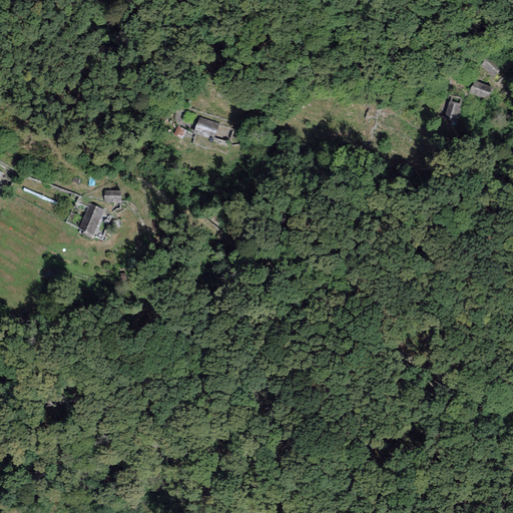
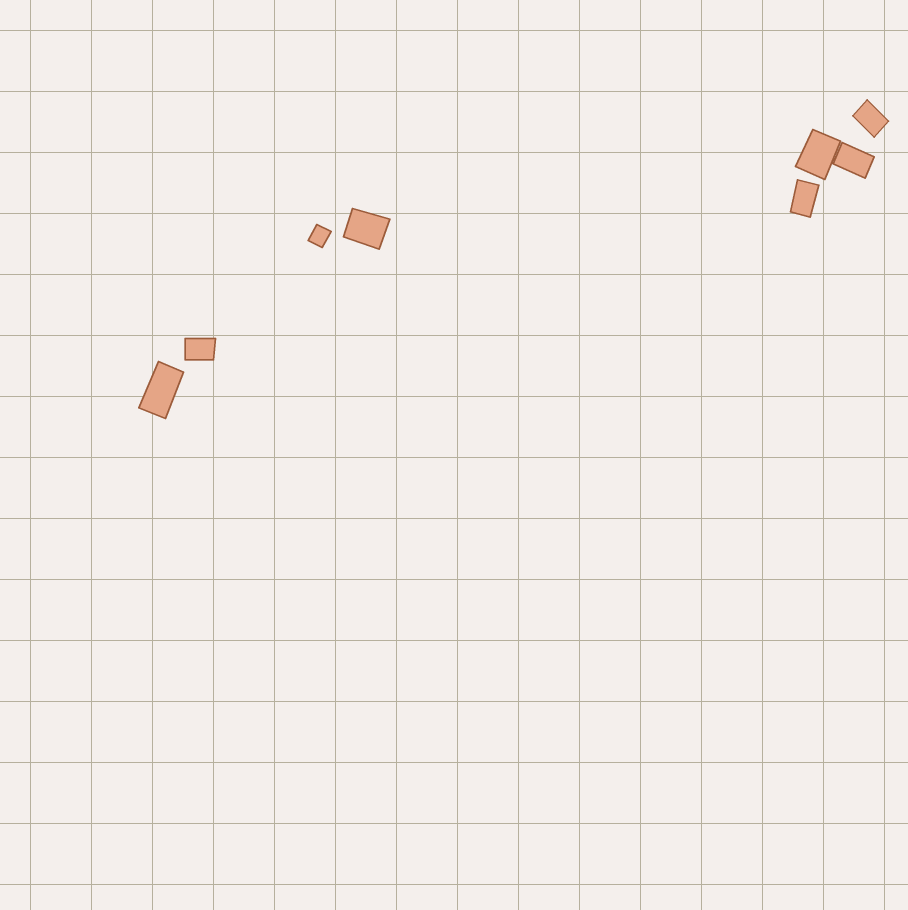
building: none -> [796,129,841,180]

